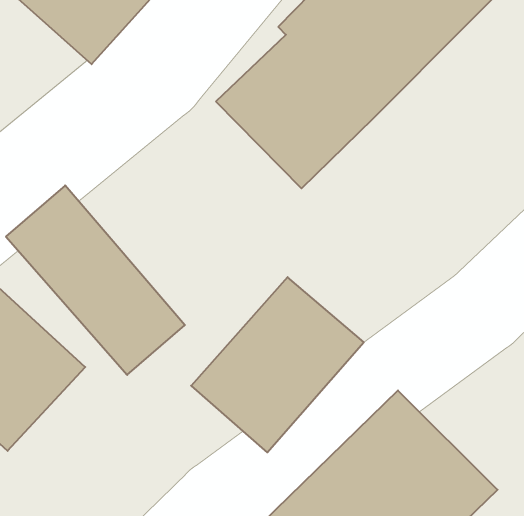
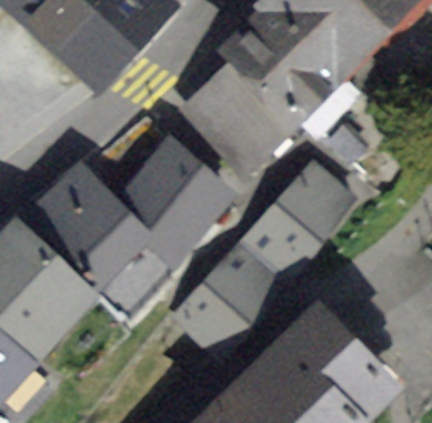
building: none -> [133,147,228,260]
building: none -> [240,152,362,276]

